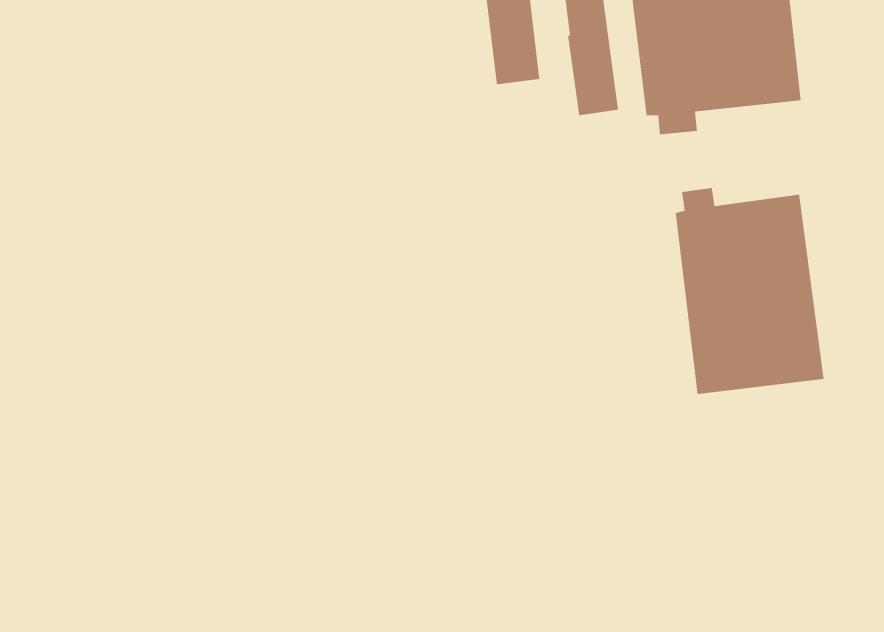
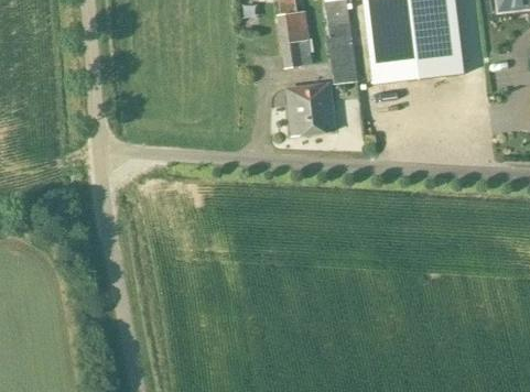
building: none -> [285,83,335,135]
building: [675,187,824,395] -> none

